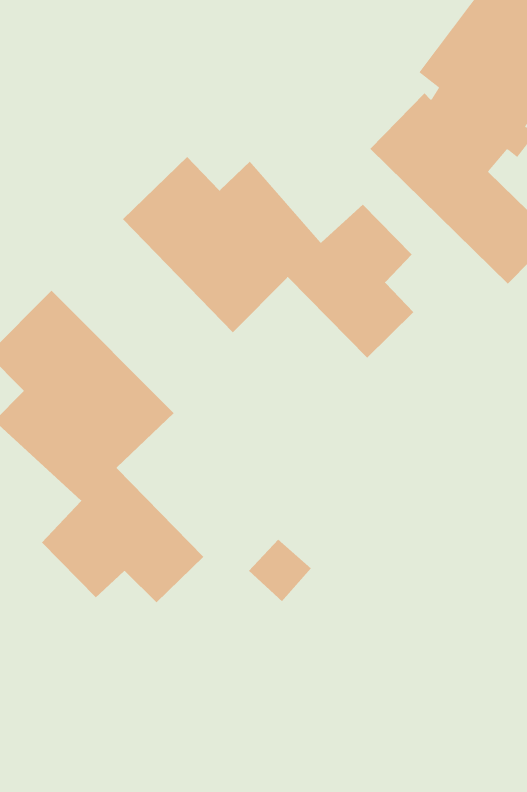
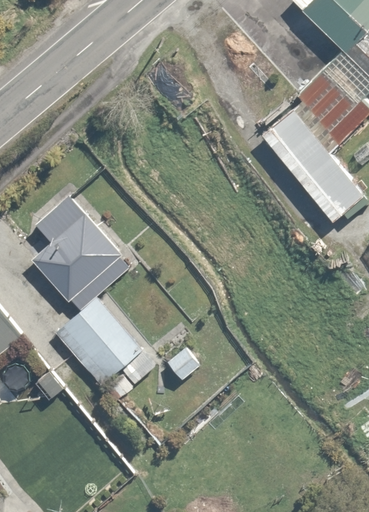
building: [122,156,414,358] -> none

